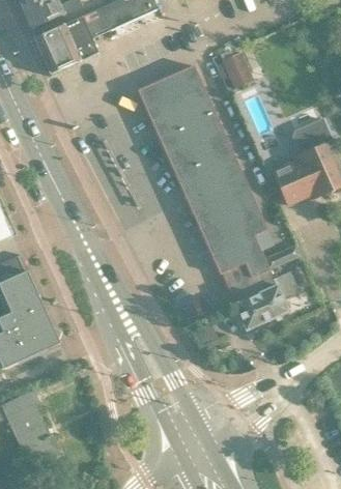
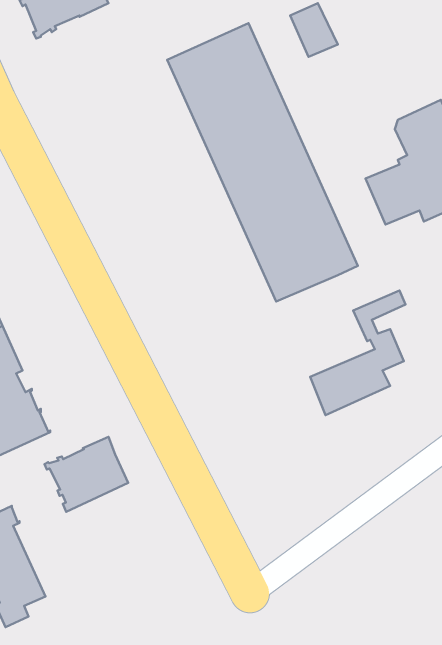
building: [212,234,279,303] -> none
building: none -> [45,437,128,512]

